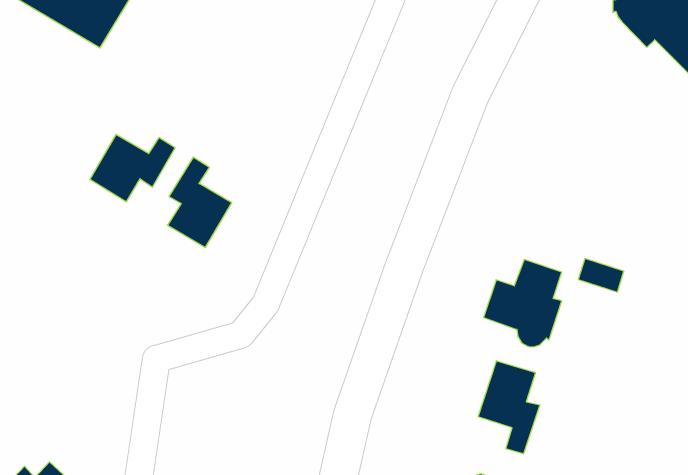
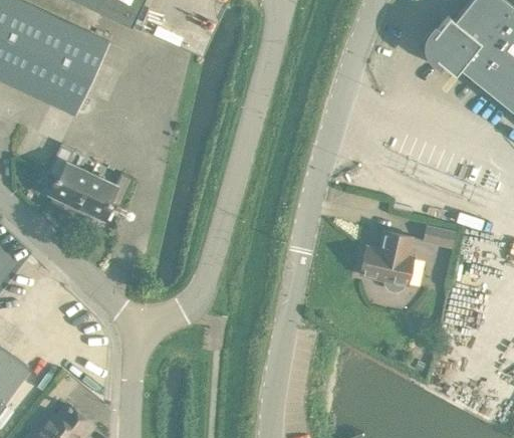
building: [167,157,232,248] -> [46,145,90,207]
building: [478,361,540,454] -> none

